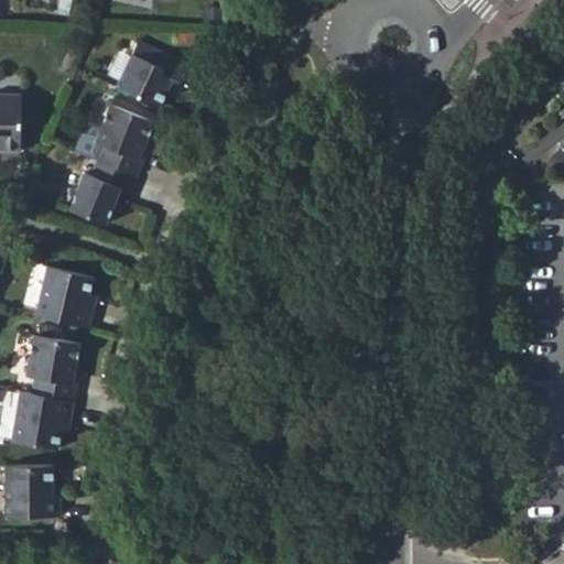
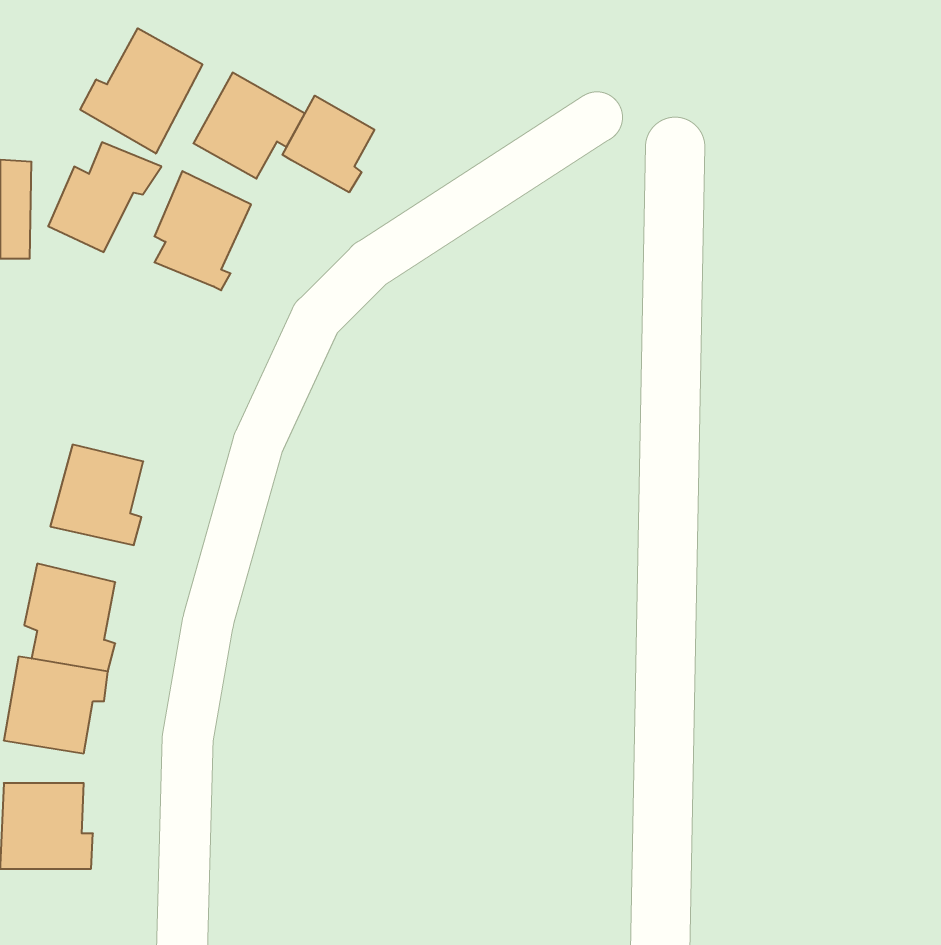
building: none -> [80,28,202,154]
building: none -> [282,96,374,192]
building: [65,159,132,224] -> [48,142,161,252]

